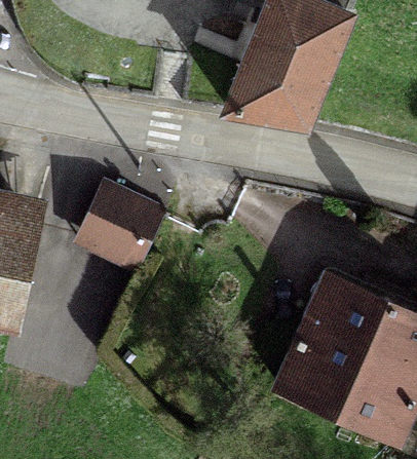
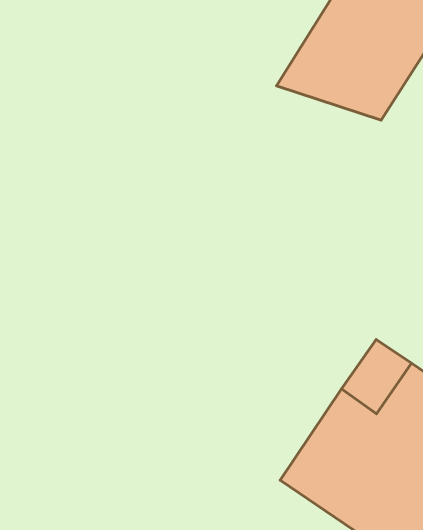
building: [82,185,161,263] -> none

